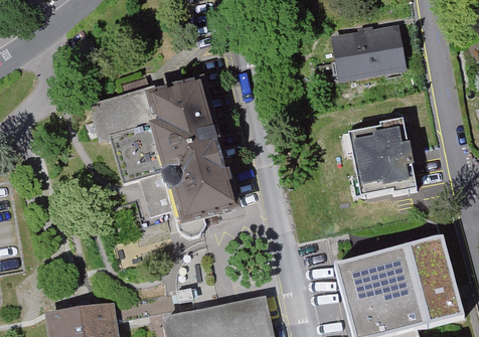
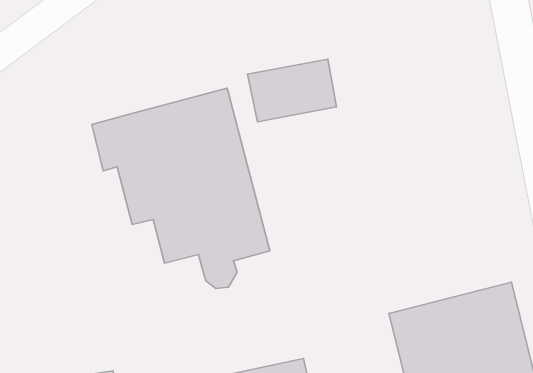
building: [335,32,407,82] -> [248,59,337,122]
building: [349,122,418,199] -> none

